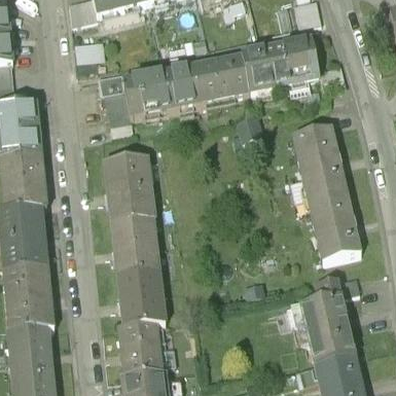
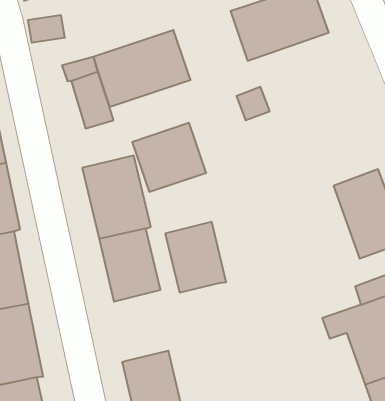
building: [191,46,249,99] -> [132,123,206,192]
building: [292,124,346,199] -> none
building: [117,267,163,322] -> [165,222,226,292]

